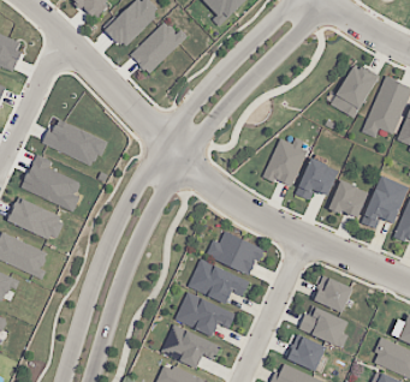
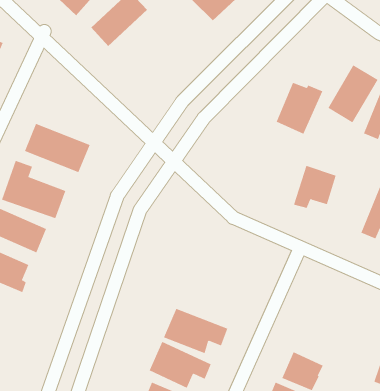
building: [130,20,184,73] -> none
building: [263,138,308,187] -> [276,82,323,135]
building: [329,180,368,219] -> none
building: [204,232,265,275] -> none
building: [188,259,250,304] -> none
building: [313,275,352,312] -> none
building: [299,305,347,347] -> none

